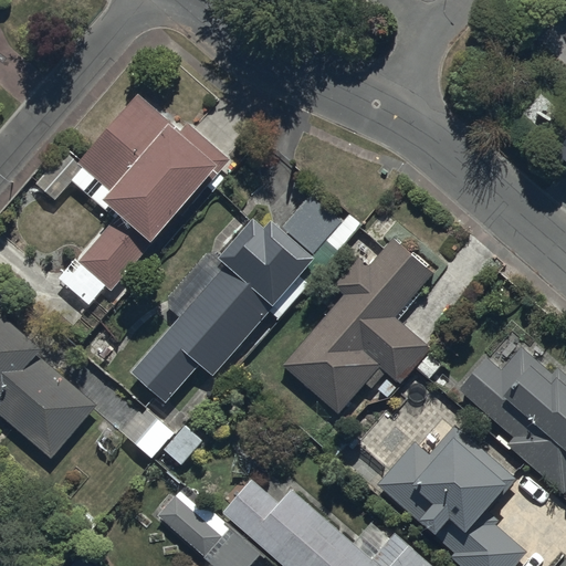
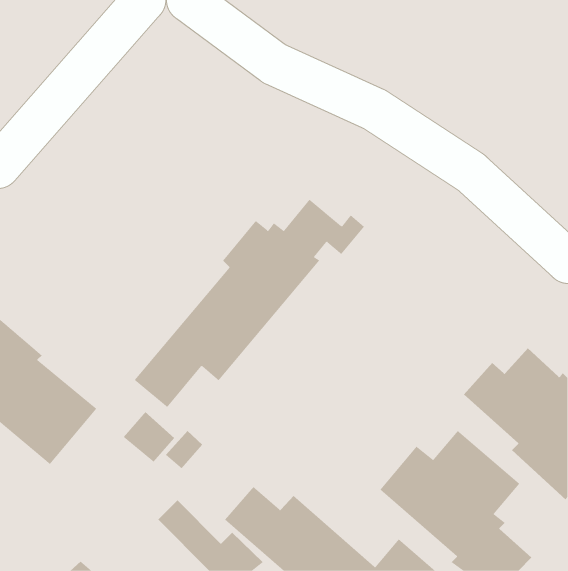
building: [35,95,231,304] -> none
building: [282,238,439,413] -> none

